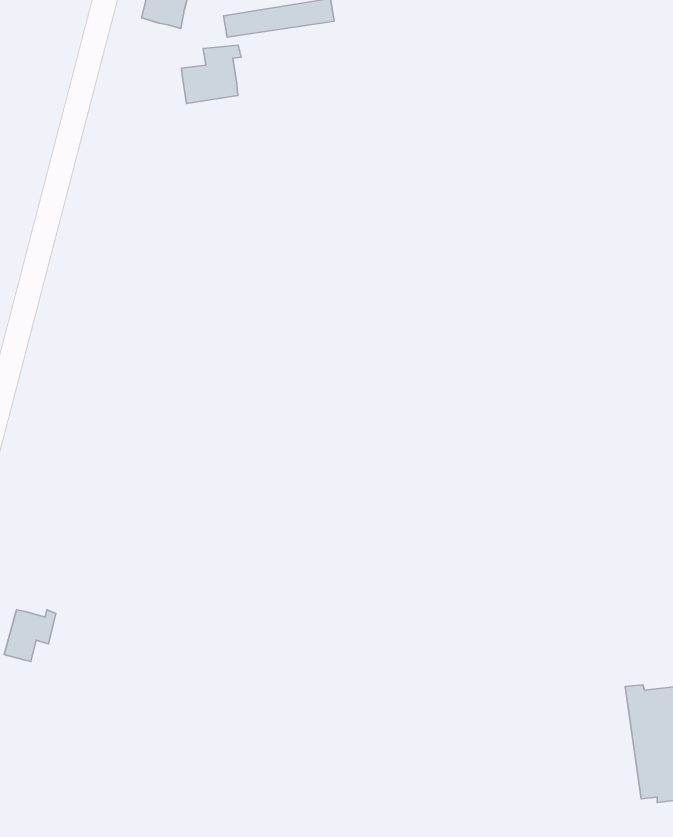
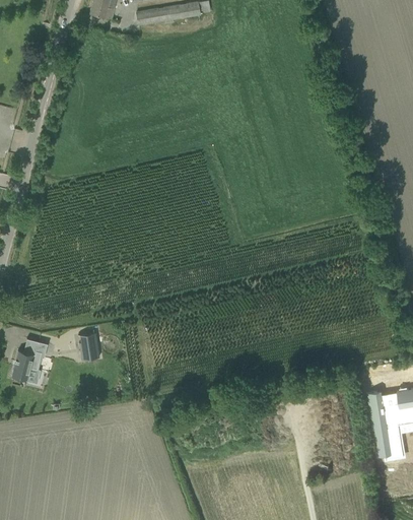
building: [181,45,241,104] -> none
building: none -> [80,332,99,360]

